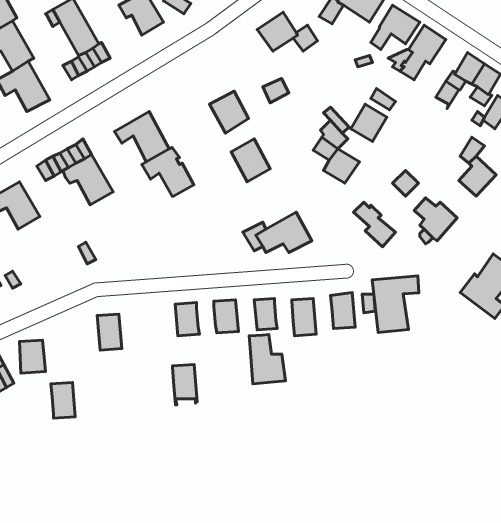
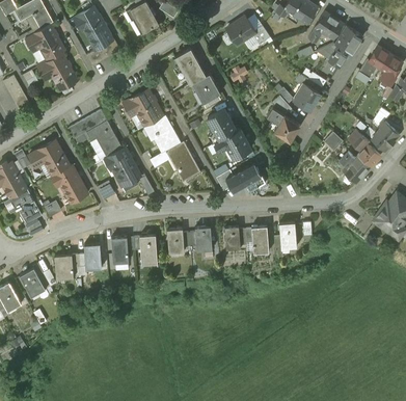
building: none -> [174,50,206,85]
building: none -> [215,129,251,158]
building: none -> [166,140,200,181]
building: none -> [105,146,140,185]
building: [354,202,395,247] -> [350,134,380,166]
building: none -> [51,165,87,203]
building: [372,276,419,333] -> none
building: [249,334,285,384] -> none
building: [173,364,197,405] -> [140,234,158,263]
building: [51,382,75,418] -> [84,243,102,269]

